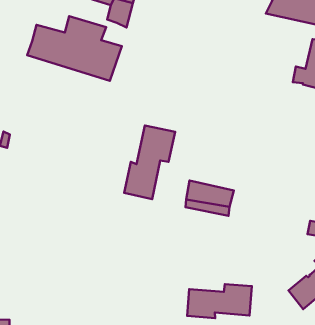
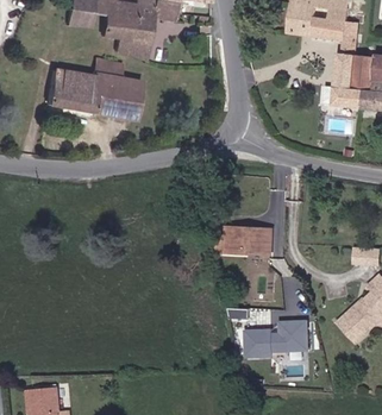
building: [124,125,175,199] -> none

